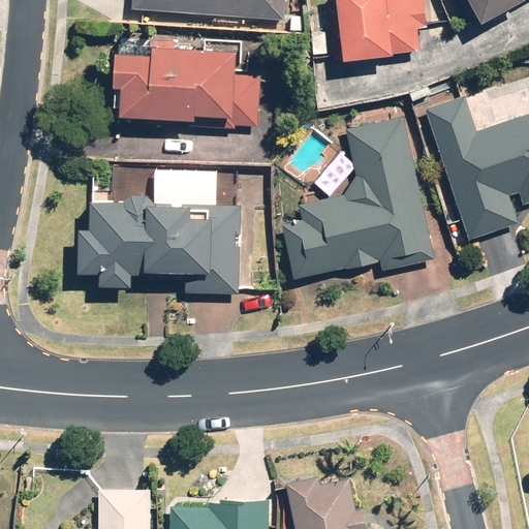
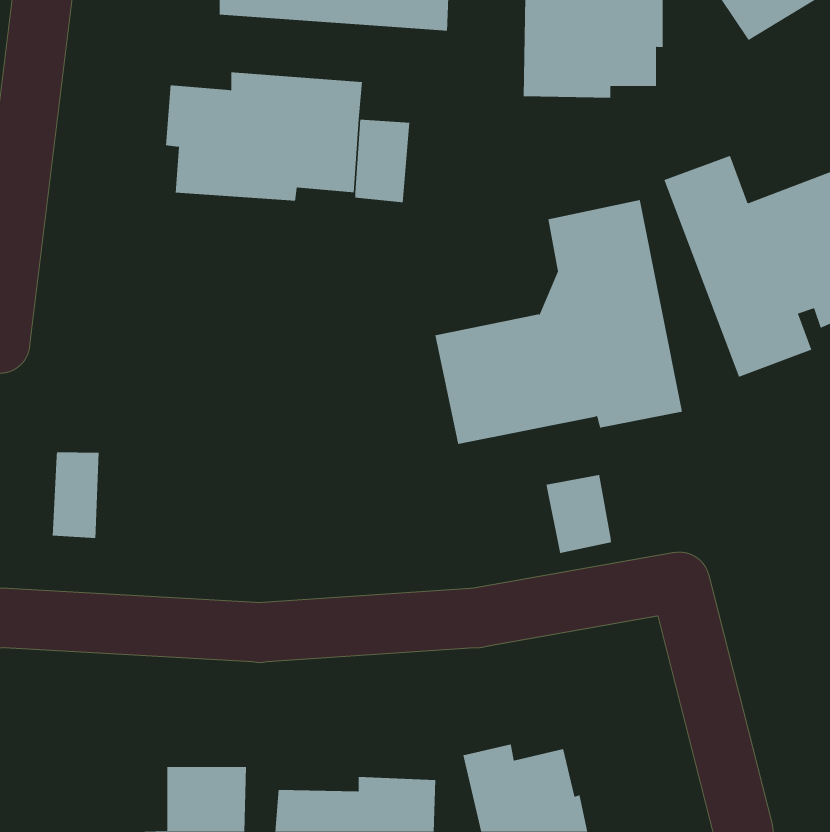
building: [73,167,241,295] -> none
building: none -> [52,451,99,539]
building: none -> [546,474,612,554]

